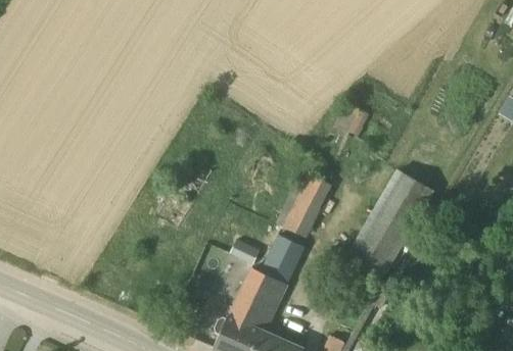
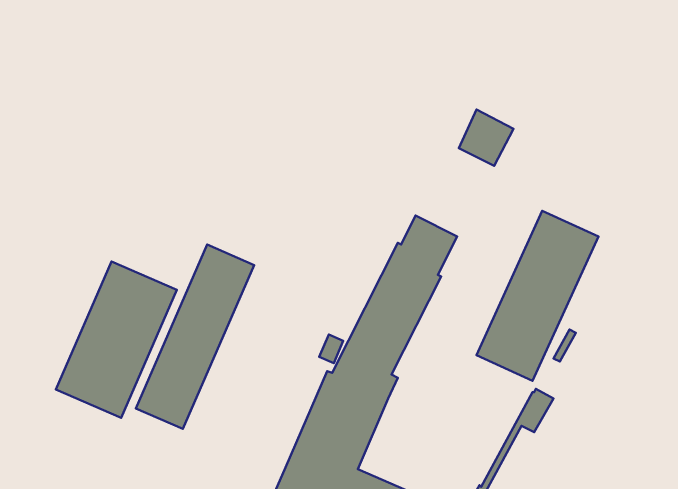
building: none -> [136,245,254,429]
building: none -> [56,261,177,418]

